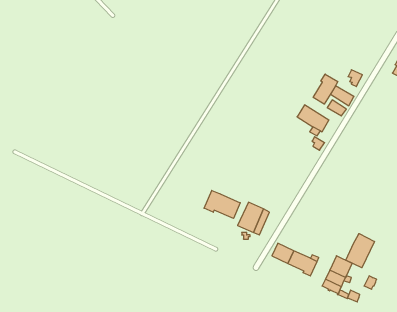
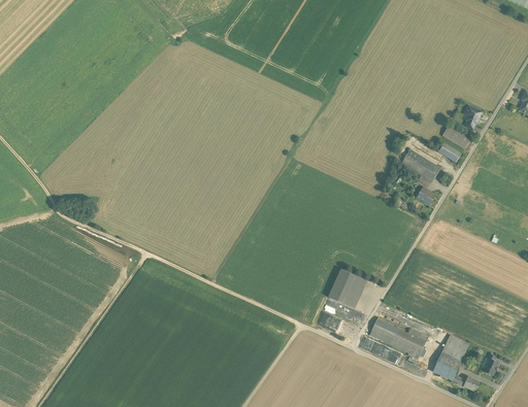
building: [313,74,338,104] -> none
building: [204,190,240,218] -> none
building: [346,234,374,268] -> none

